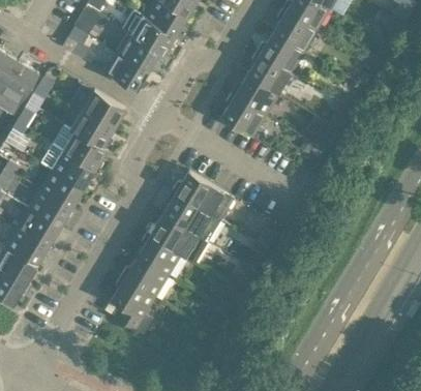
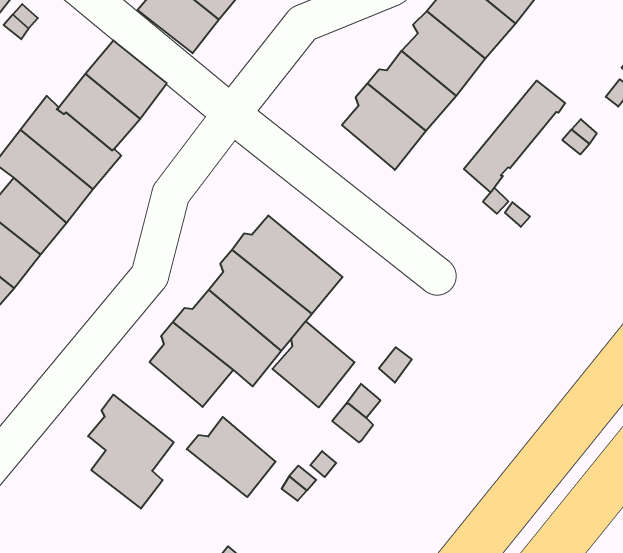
building: none -> [464,81,565,192]
building: none -> [272,321,355,407]
building: [120,258,168,298] -> [187,417,276,497]

